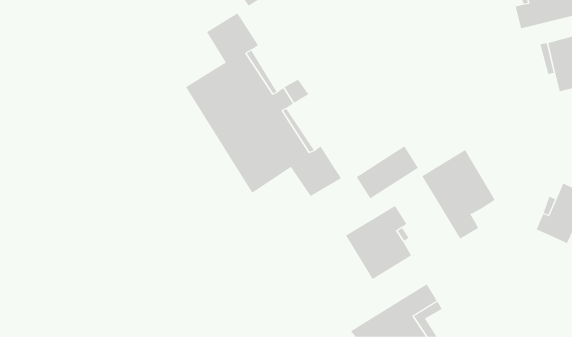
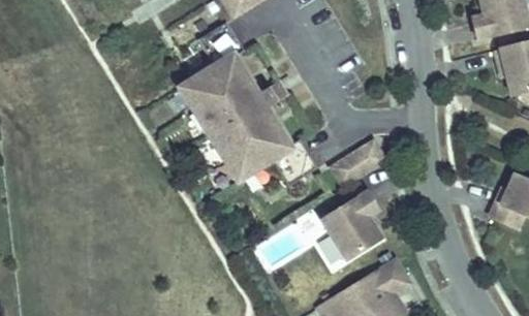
building: [422,149,496,239] -> none

